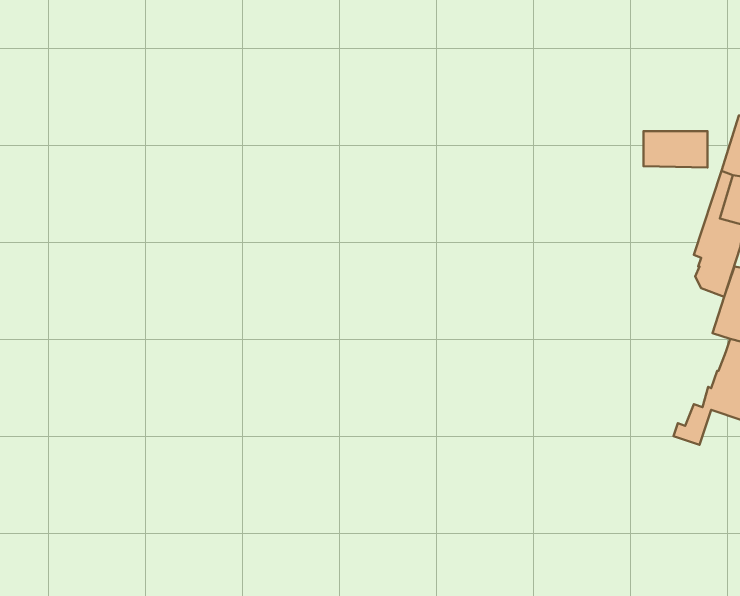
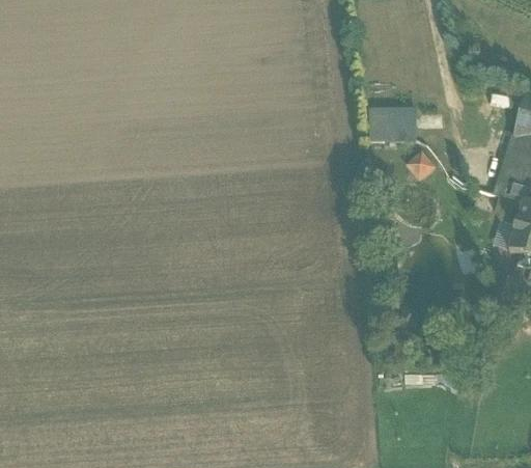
building: [644,131,707,168] -> [376,110,422,136]

